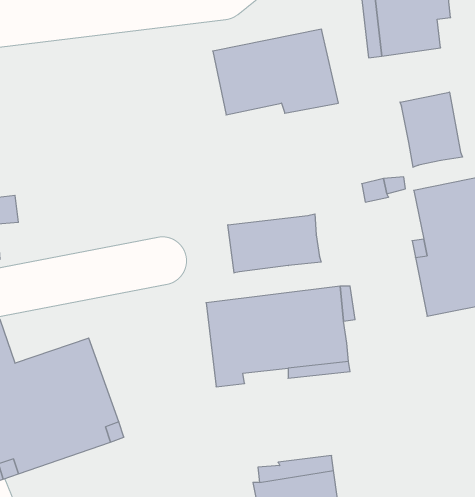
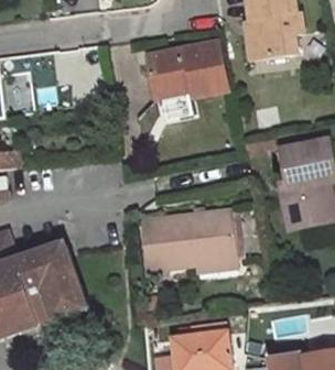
building: [400,92,462,167] -> none
building: [228,214,321,273] -> none

